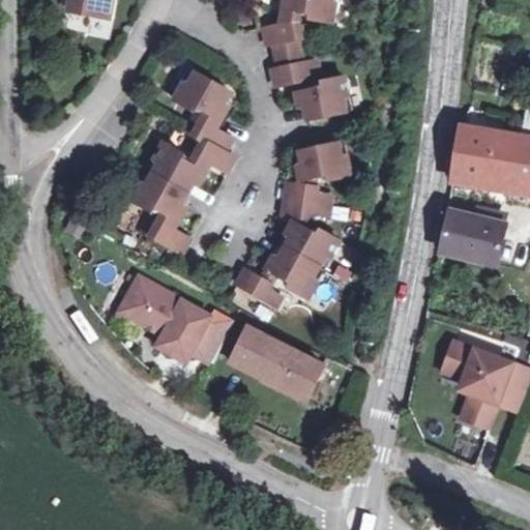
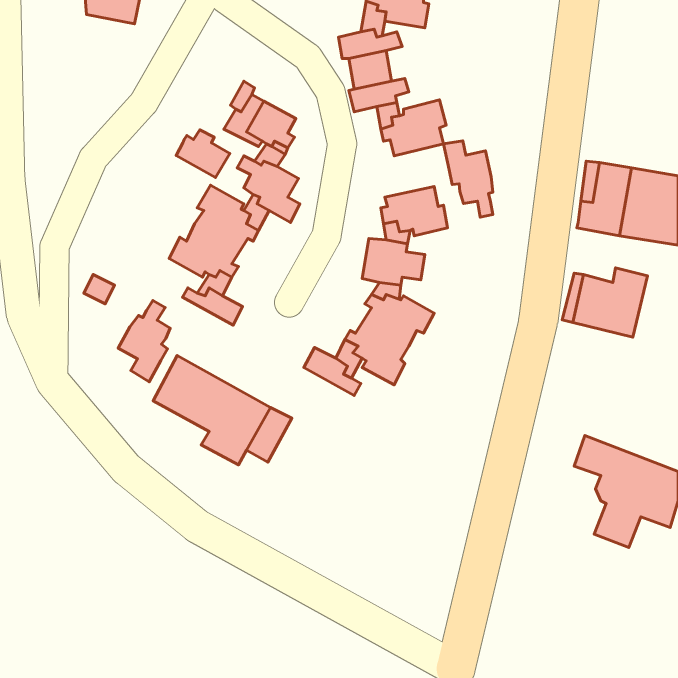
building: none -> [176,130,230,178]
building: none -> [444,141,493,217]
building: none -> [118,301,170,382]
building: [230,325,323,399] -> none

